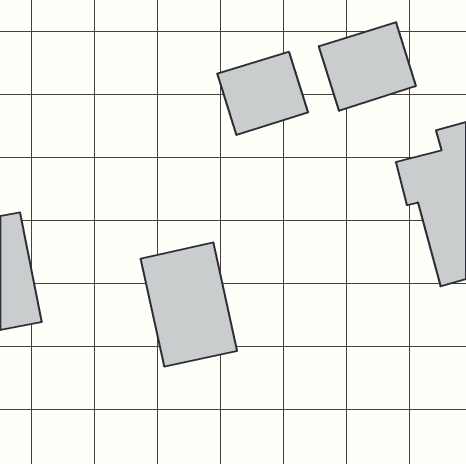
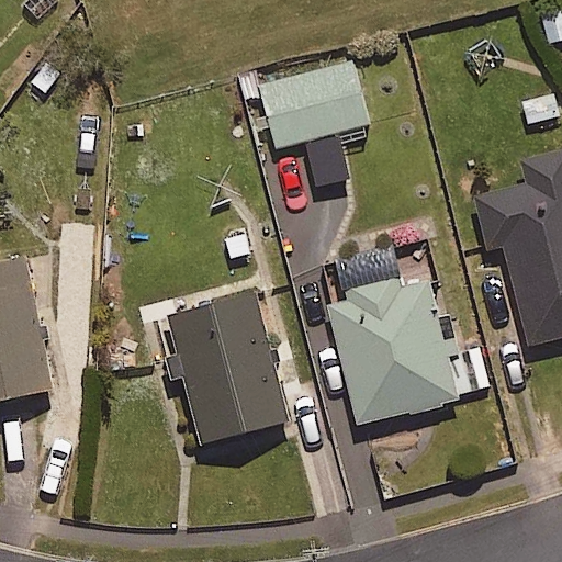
building: [319,22,416,111] -> none
building: none -> [328,246,487,424]

